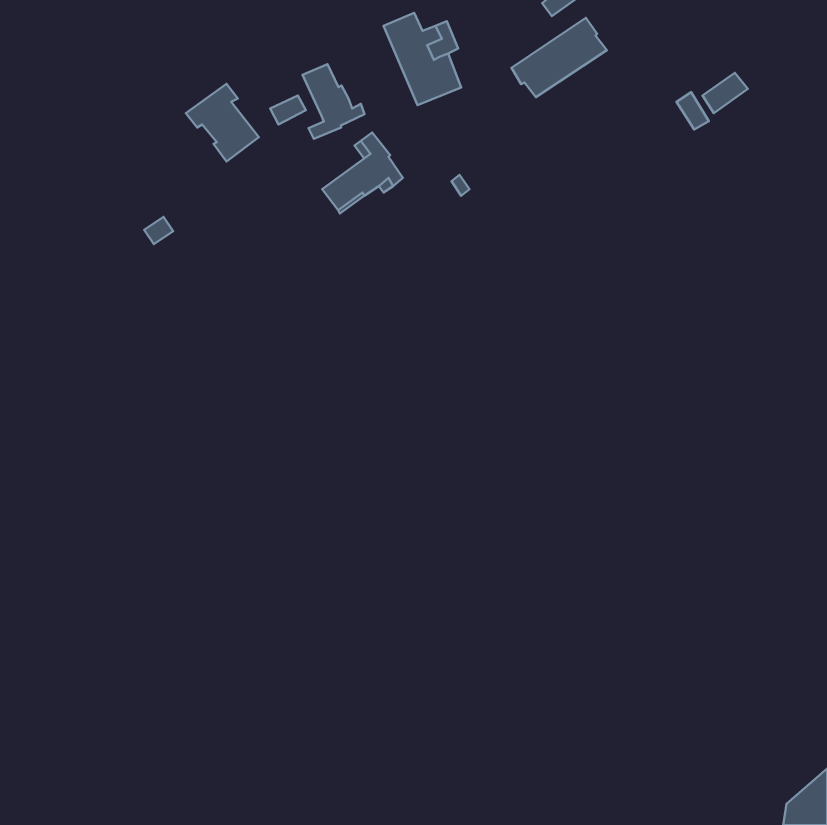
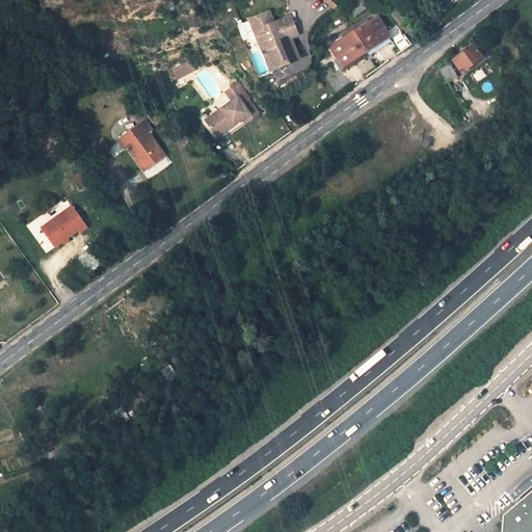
building: [302,64,365,139] -> none
building: [186,84,259,162] -> [119,121,166,170]
building: none -> [39,206,85,247]

